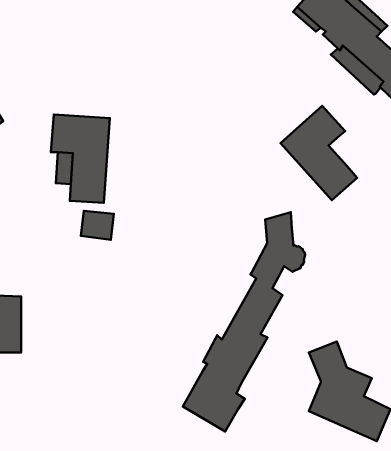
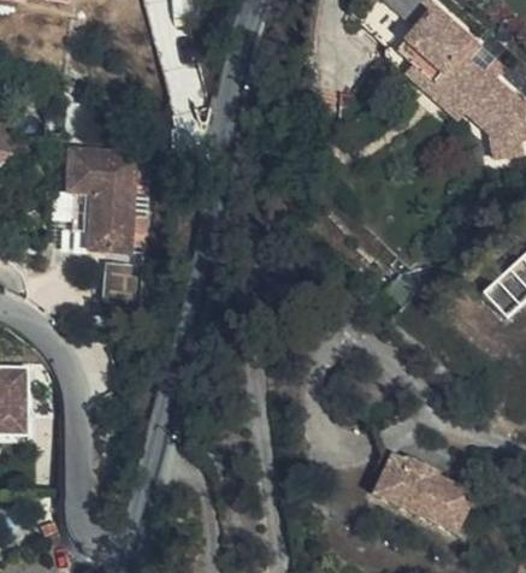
building: [280,106,357,200] -> none
building: [183,212,305,432] -> none

